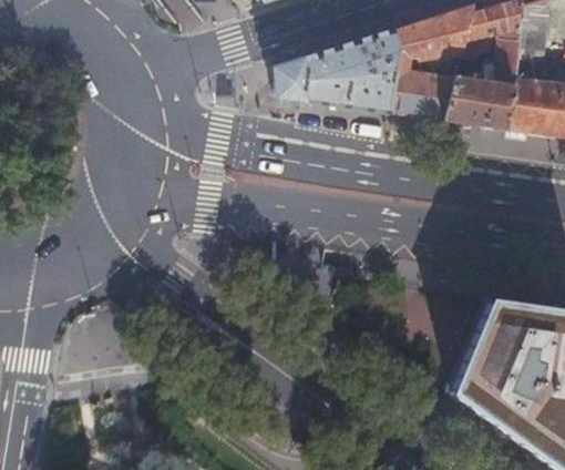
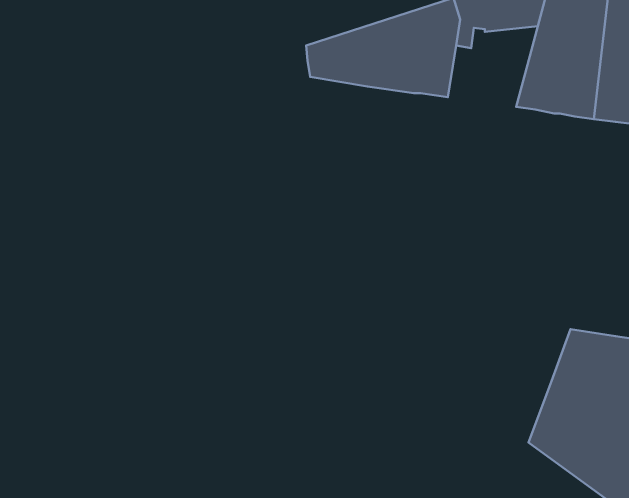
building: [391,69,458,119] -> none

